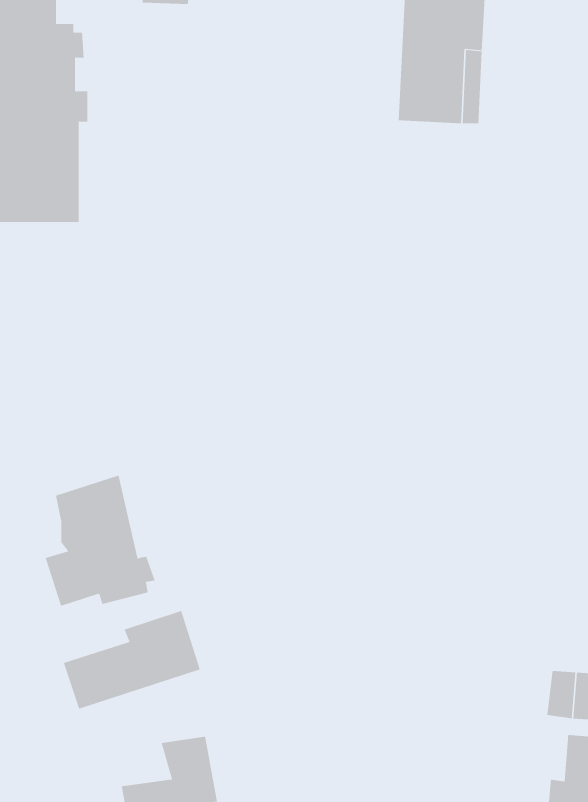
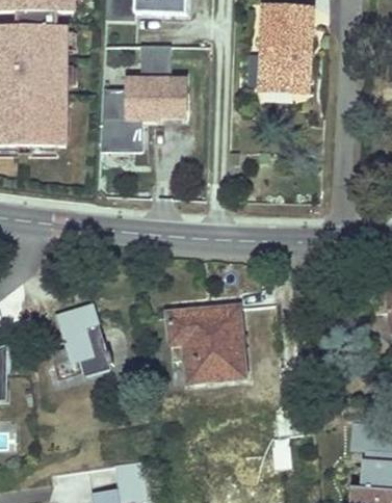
building: none -> [104,48,185,148]
building: none -> [162,303,244,382]
building: [63,610,200,709] -> none

